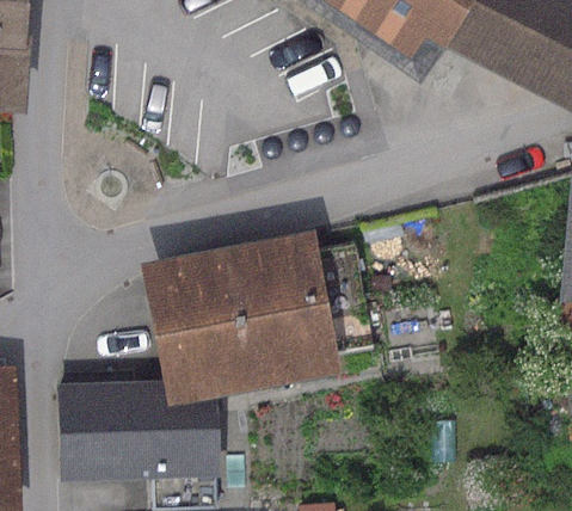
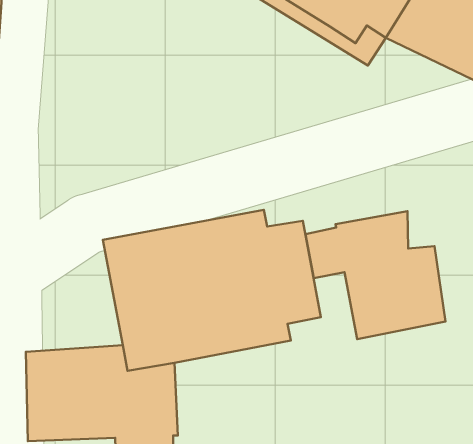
building: none -> [305,211,446,339]

